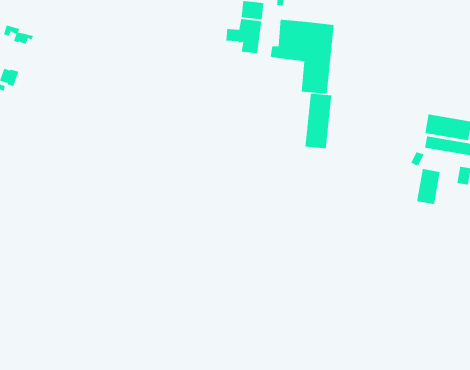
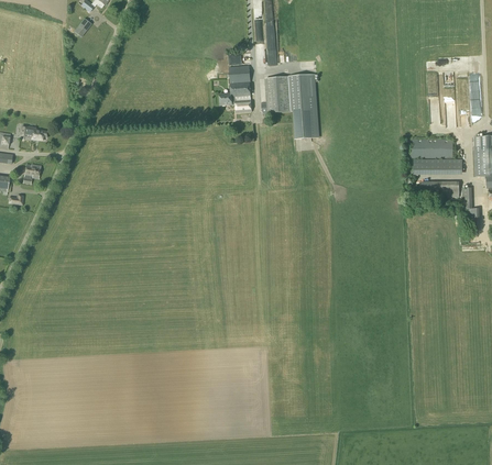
building: [305,93,332,149] -> none
building: [417,168,440,205] -> none

